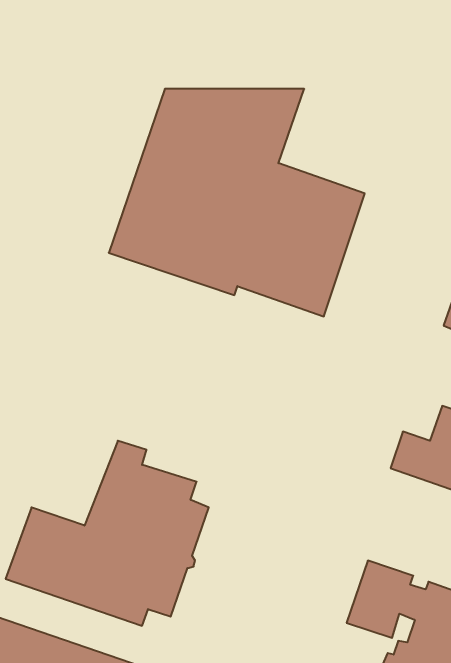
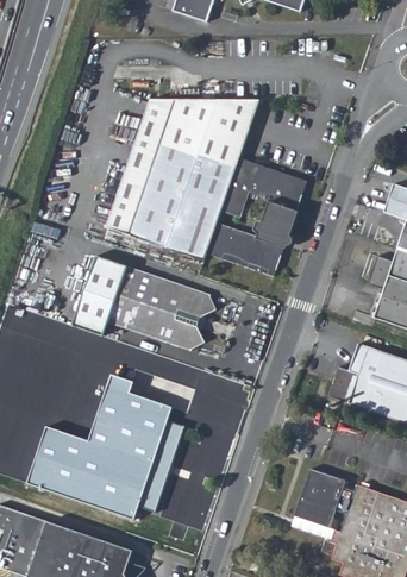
building: none -> [69,255,215,351]

